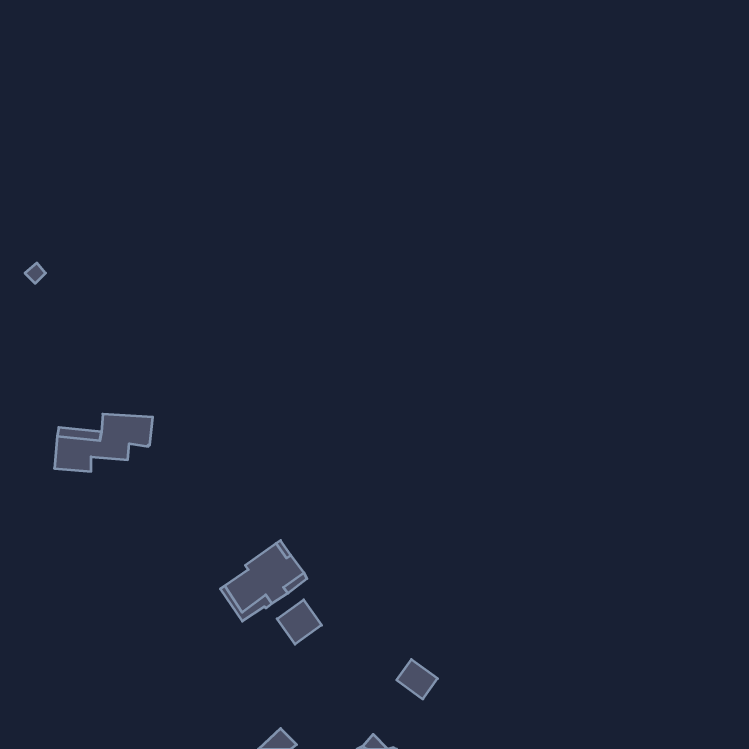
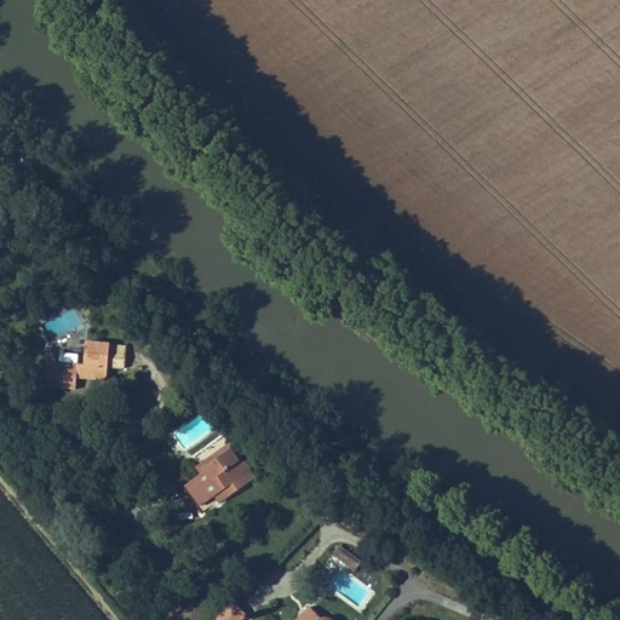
building: [277,600,322,644] -> none

